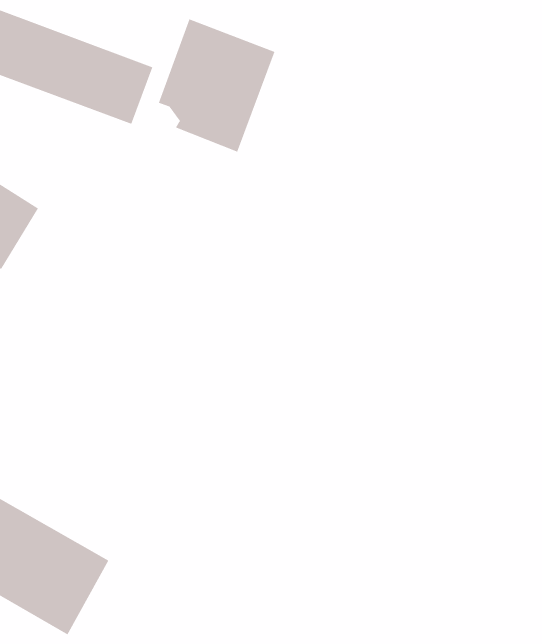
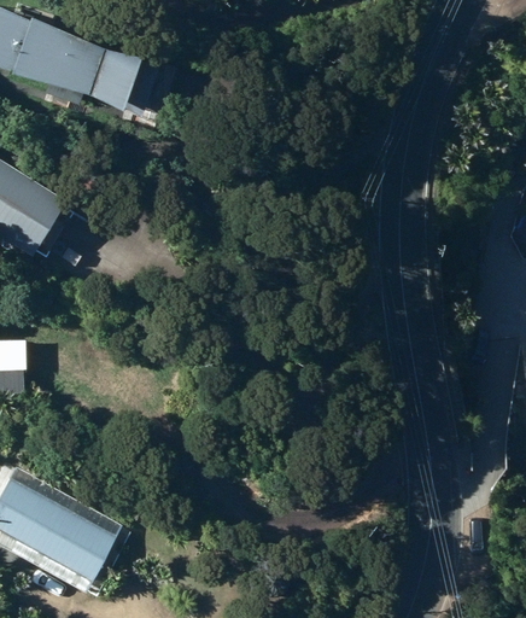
building: [158,19,275,152] -> none

